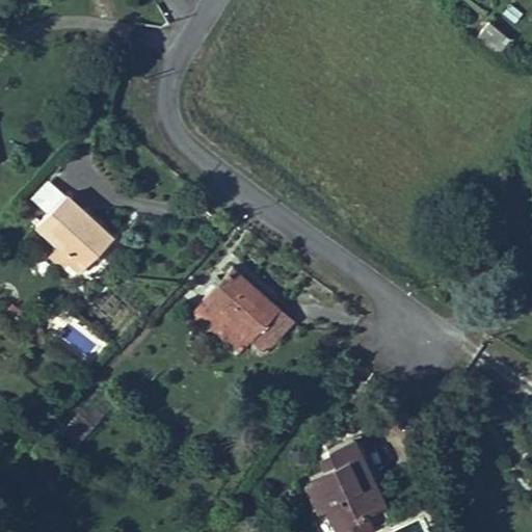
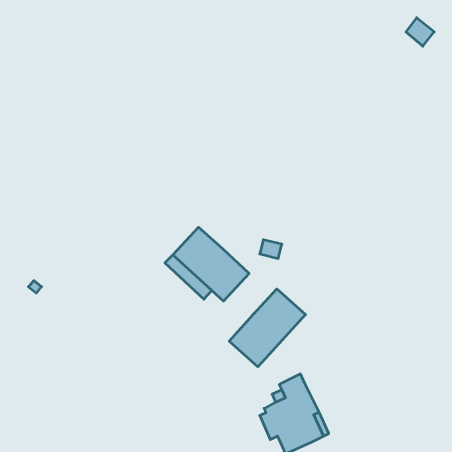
building: [36,195,112,278] -> none
building: none -> [229,289,306,367]

